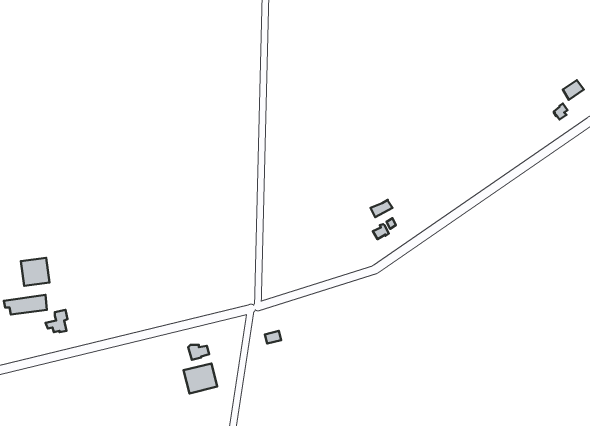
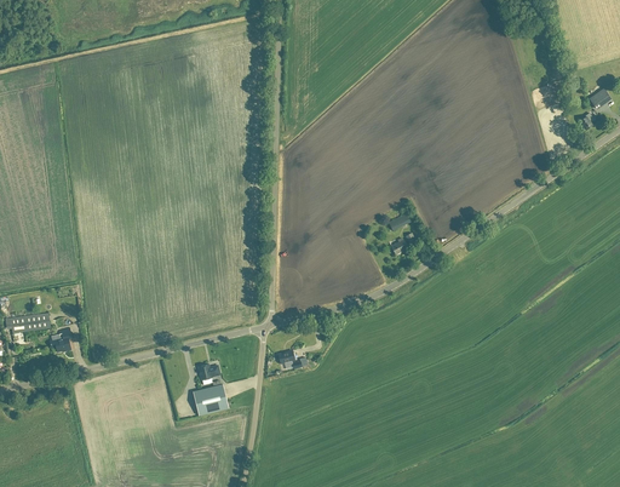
building: [21,258,49,286] -> none

